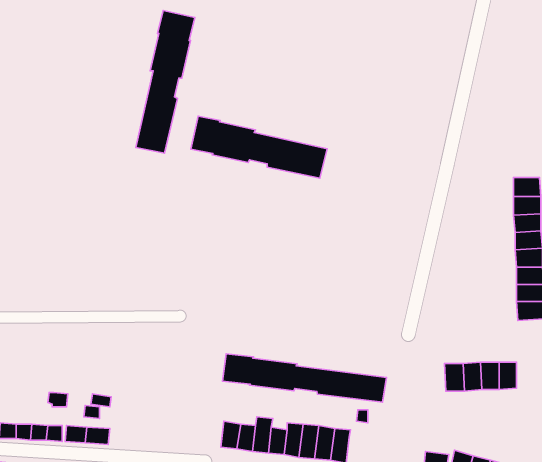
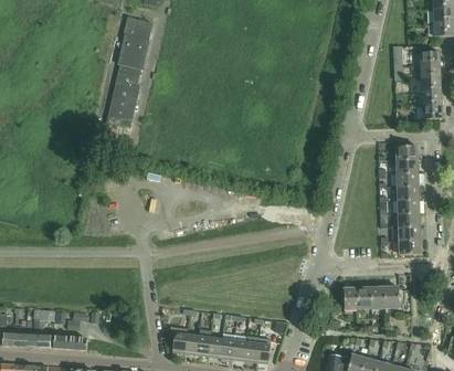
building: [191,116,327,178] -> none
building: [223,354,386,402] -> none

